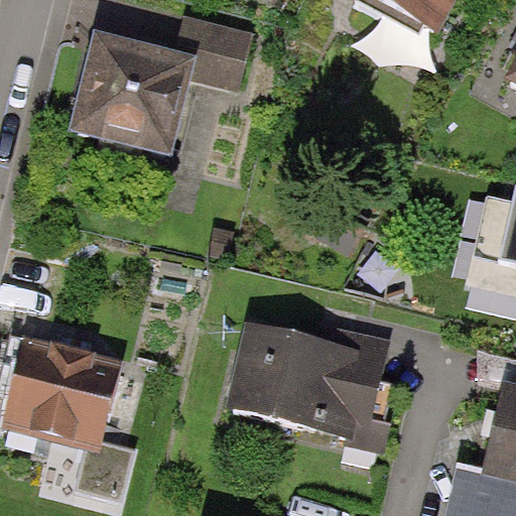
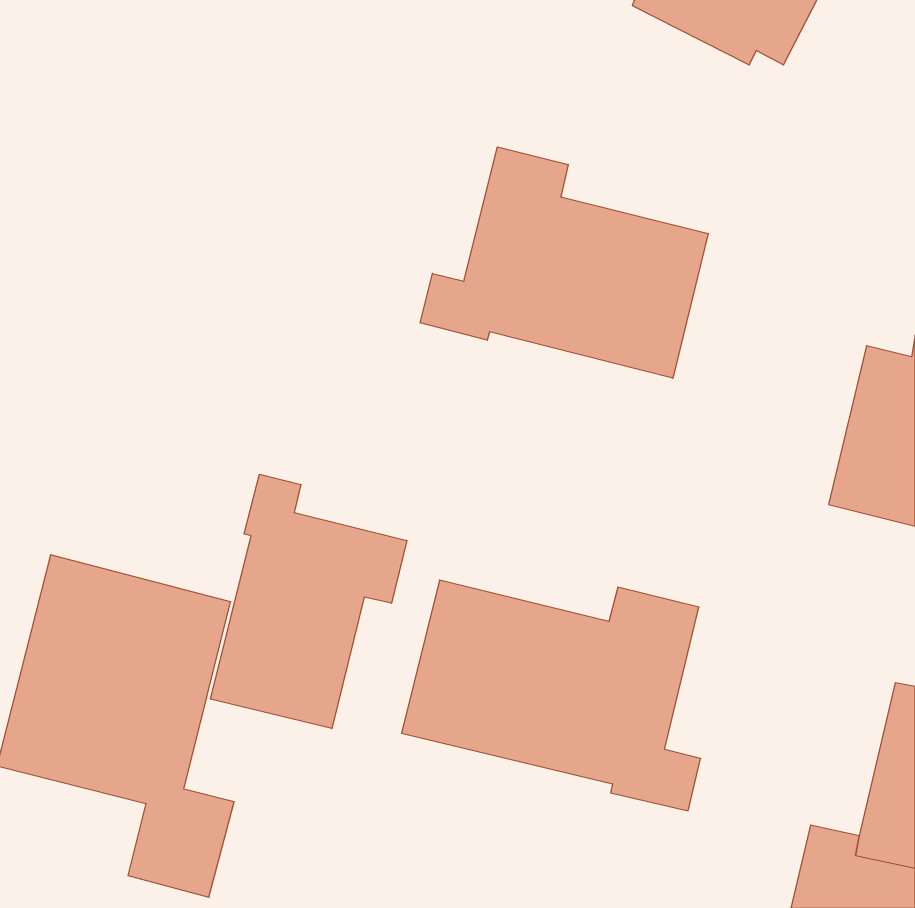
building: [68,20,252,160] -> none
building: none -> [420,147,708,378]
building: none -> [210,474,407,729]

